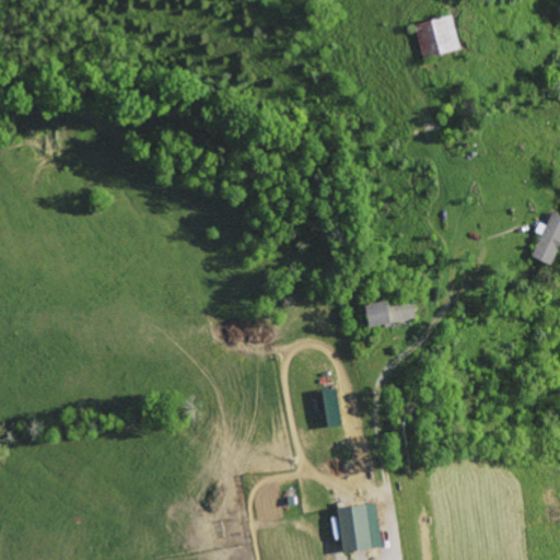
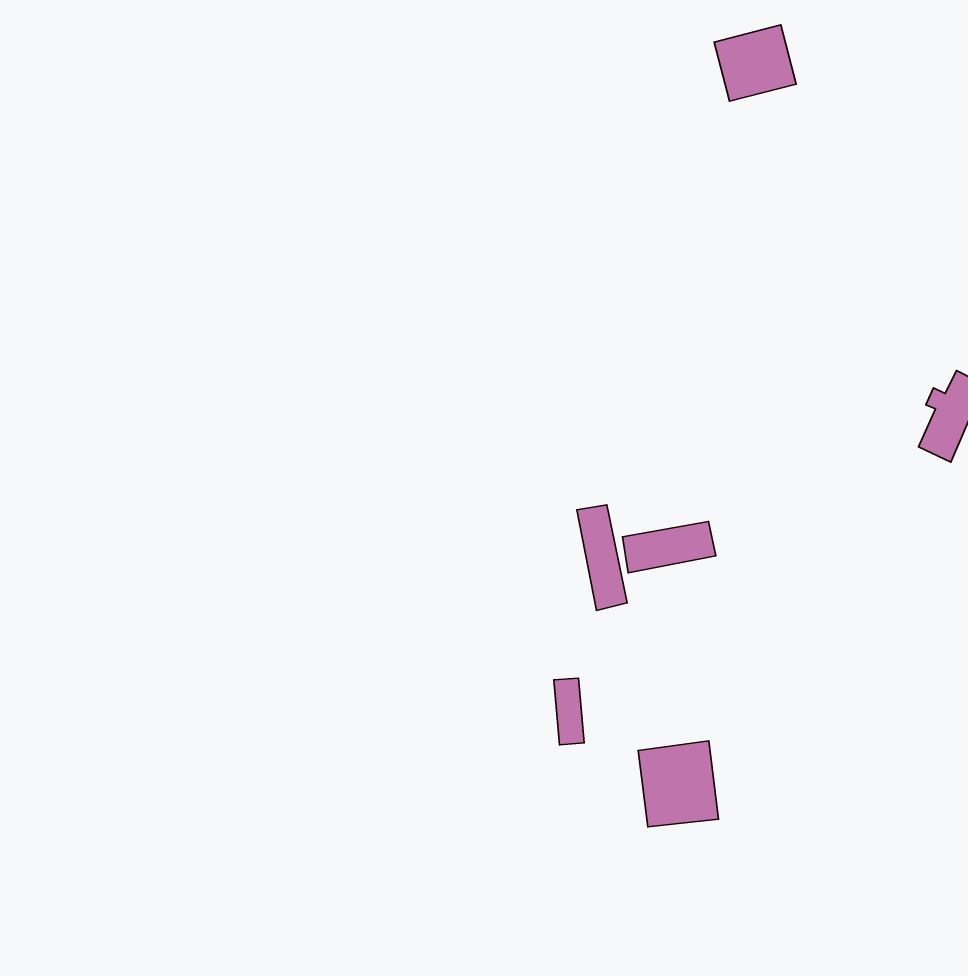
building: none -> [577,505,627,610]
building: [335,503,381,552] -> [638,741,718,827]

